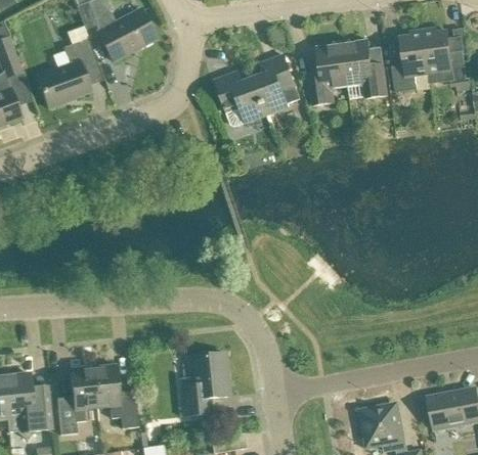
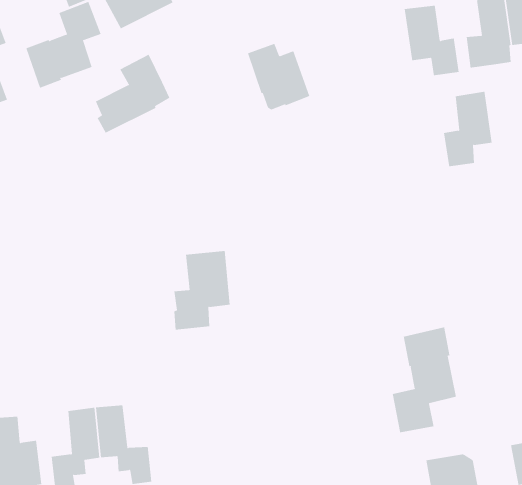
building: [309,44,349,105] -> [443,91,493,167]
building: [254,54,301,115] -> none
building: none -> [95,54,170,133]
building: none -> [392,327,457,433]
building: [181,352,227,416] -> [174,251,231,330]

